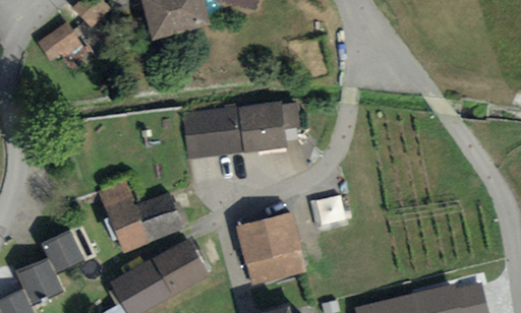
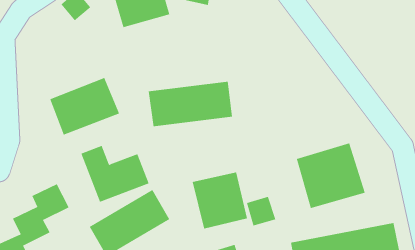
building: [42,25,84,64] -> none
building: none -> [49,77,120,135]
building: none -> [296,142,365,209]
building: [314,193,351,230] -> [246,196,276,226]

